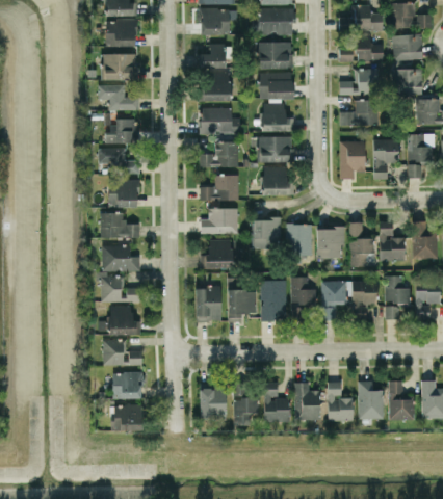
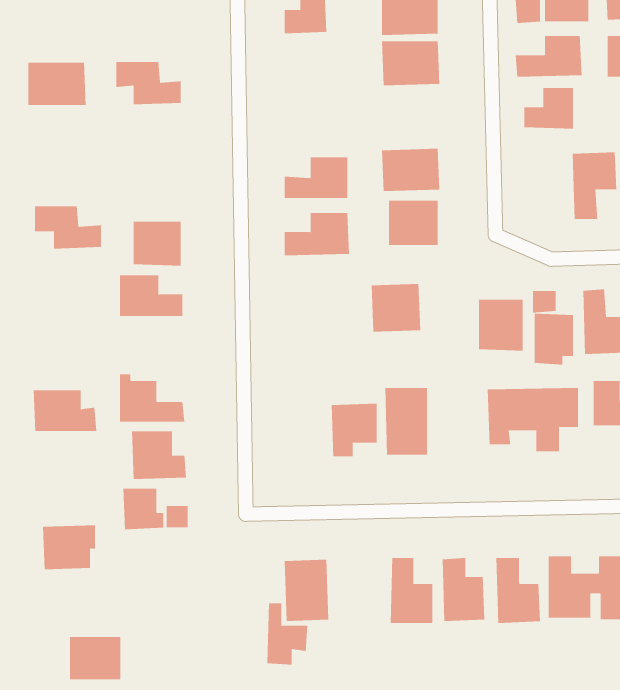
building: [102,54,137,80] -> [27,62,86,106]
building: [203,73,230,102] -> none
building: [261,103,293,132] -> none
building: [201,108,240,134] -> none
building: [107,120,136,143] -> none
building: [339,141,365,179] -> none
building: [99,149,139,175] -> [34,206,102,249]
building: [201,209,238,234] -> none
building: [287,225,311,263] -> none
building: [201,240,233,269] -> none
building: [102,246,140,271] -> [33,390,97,432]
building: [290,278,316,320] -> none
building: [196,288,222,322] -> none
building: [112,372,145,399] -> [42,525,96,570]
building: [234,385,259,422] -> [266,603,308,665]
building: [111,405,142,431] -> [69,637,121,680]

